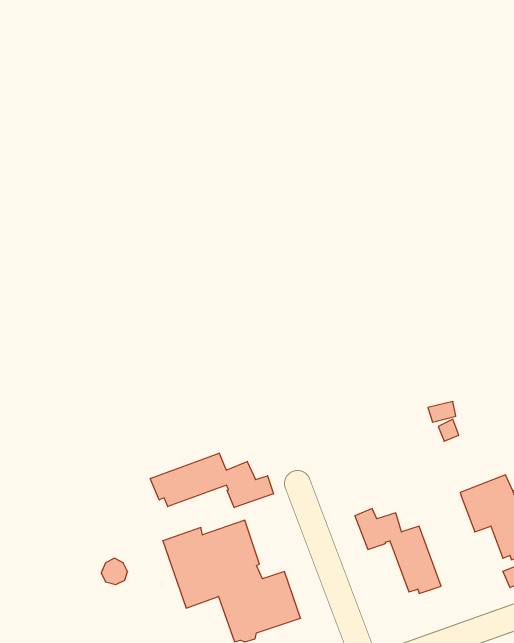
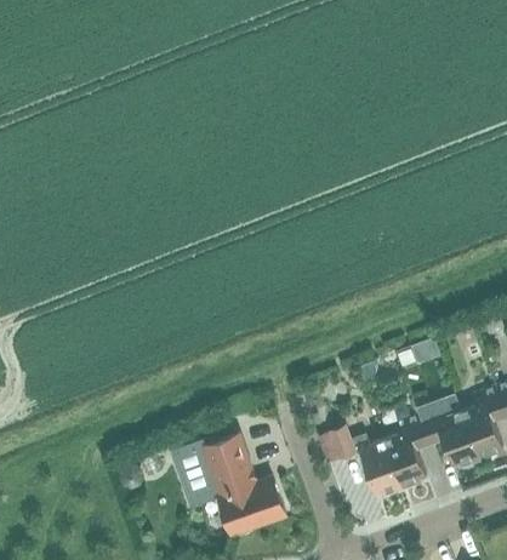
building: [150,453,273,508] -> none
building: none -> [384,415,431,488]

